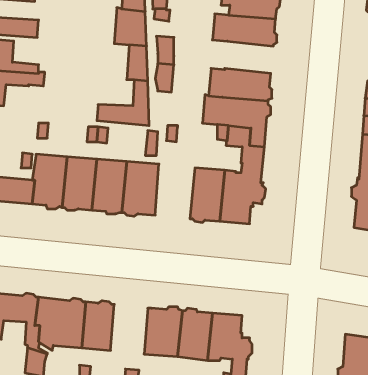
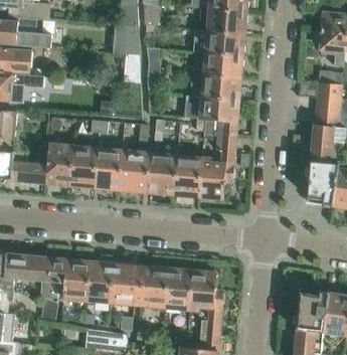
building: none -> [202,50,243,76]
building: none -> [146,144,178,195]
building: none -> [110,261,140,304]

